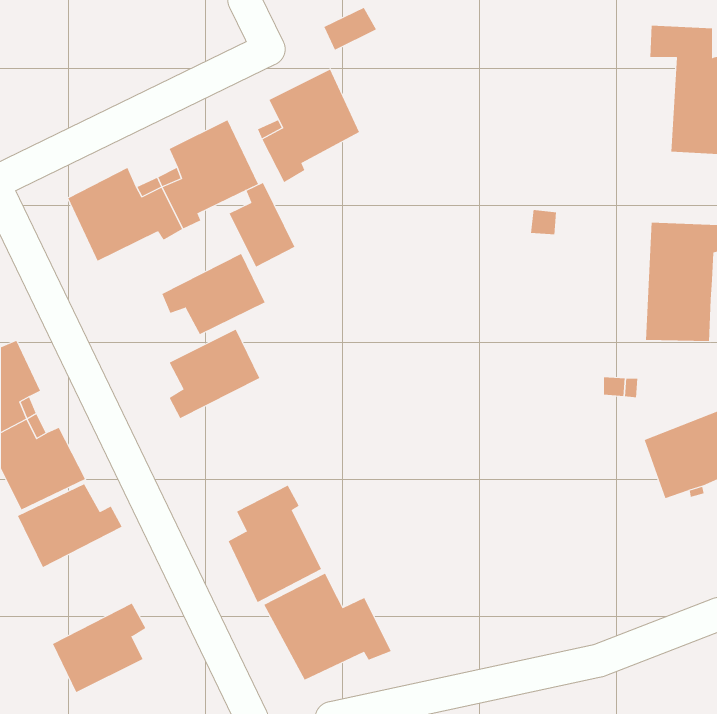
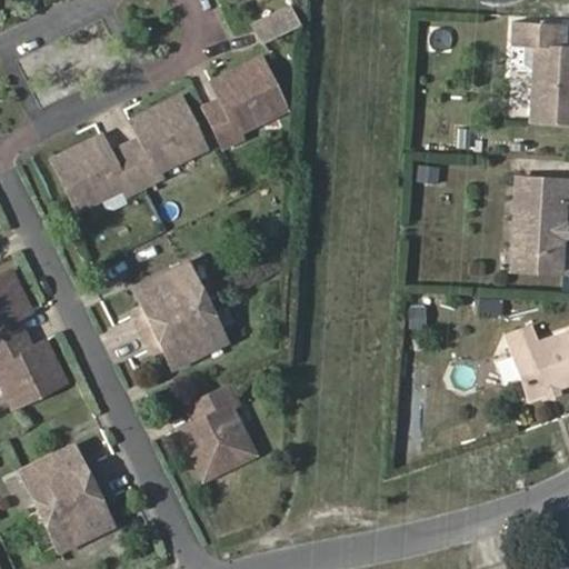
building: [229,182,295,267] -> none
building: [161,253,265,335] -> [143,302,226,367]
building: [17,483,123,568] -> [22,446,106,512]
building: [263,573,392,680] -> none

